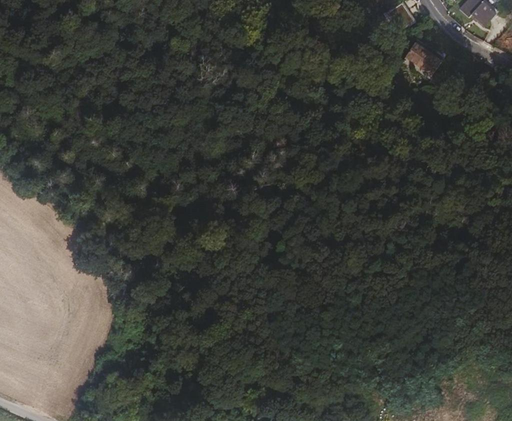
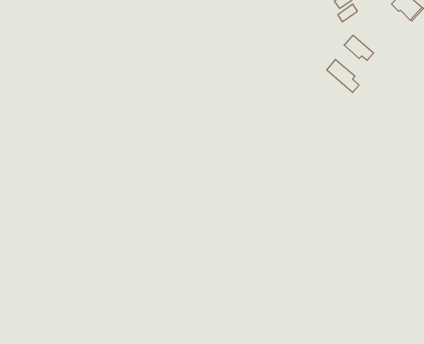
building: none -> [327,59,359,93]

